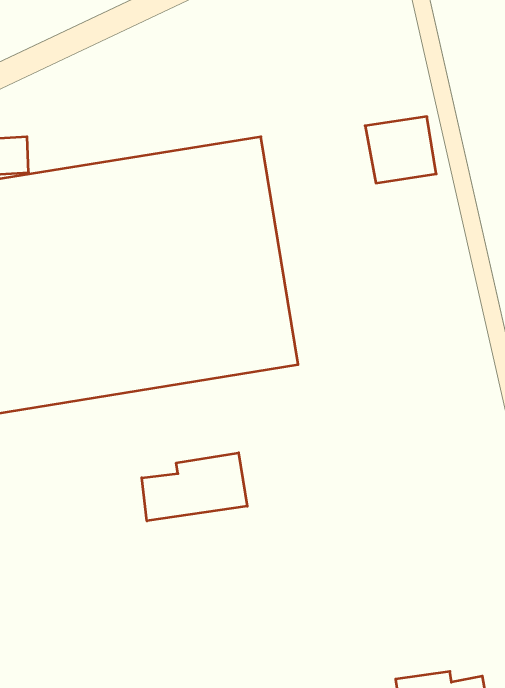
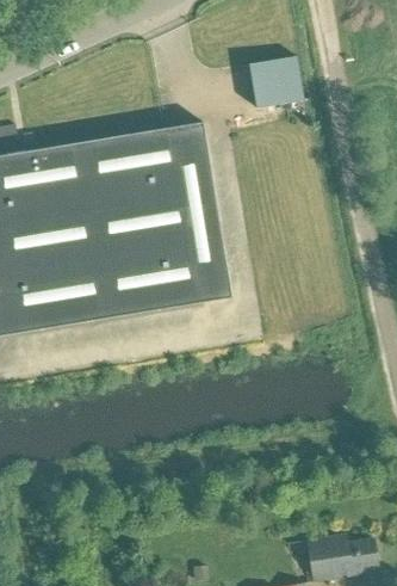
building: [365,117,436,183] -> [248,56,303,107]
building: [142,453,247,521] -> none

